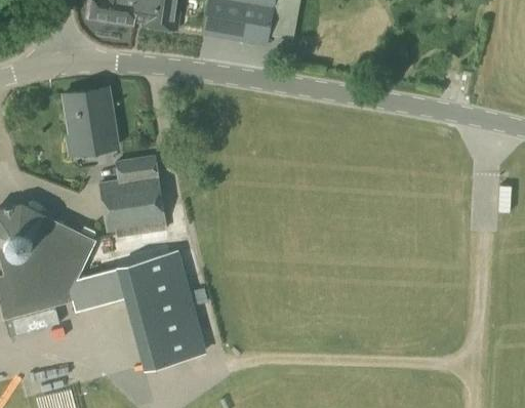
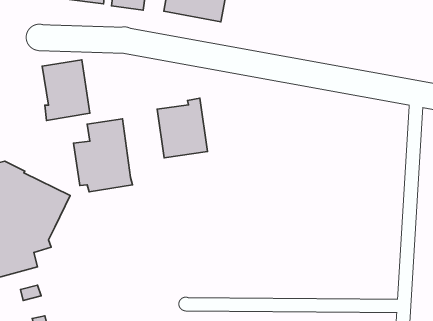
building: none -> [157,98,207,158]
building: [71,251,205,370] -> none

